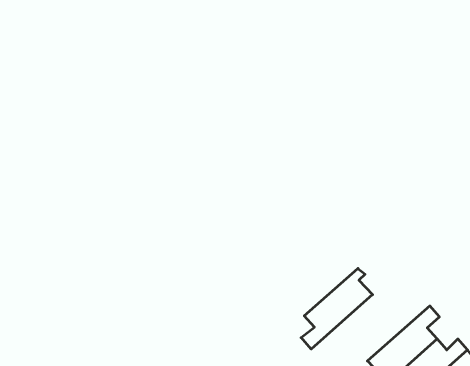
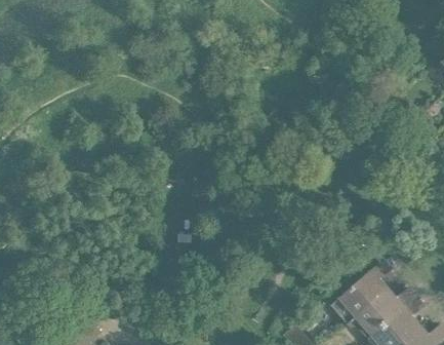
building: [301,268,373,349] -> none

